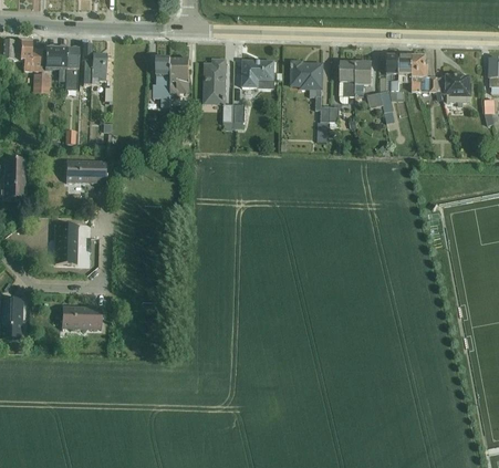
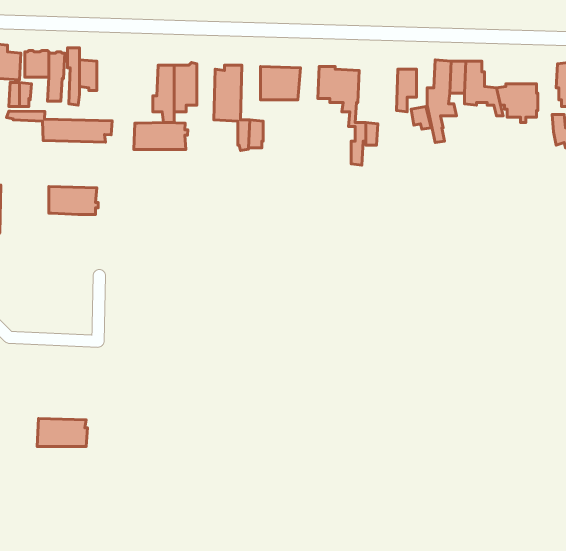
building: [339,61,356,102] -> none
building: none -> [7,111,112,142]
building: none -> [134,123,188,150]
building: [55,223,79,264] -> none
building: [62,304,104,327] -> [37,419,88,447]

